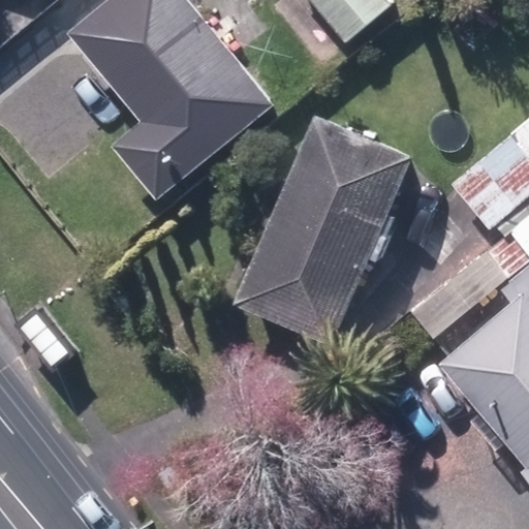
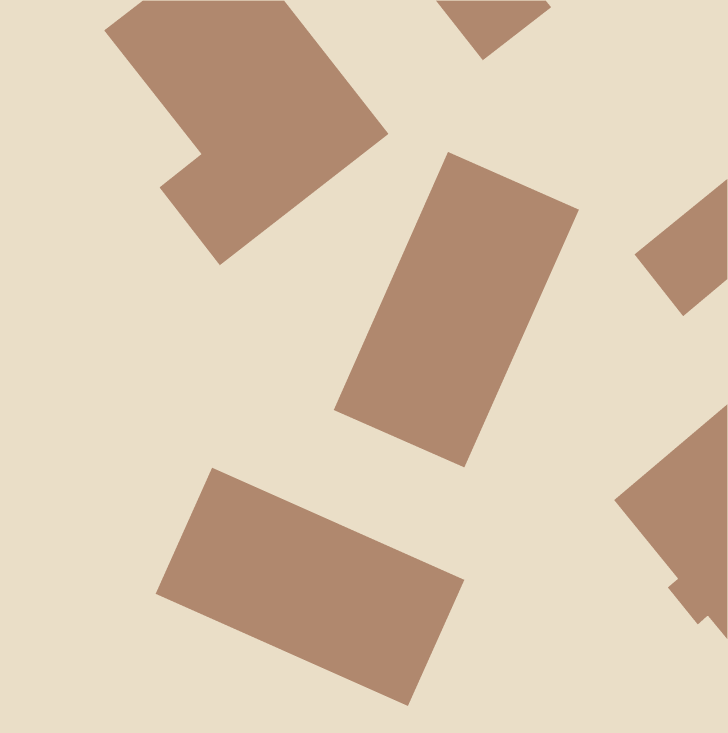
building: none -> [155,467,465,707]

